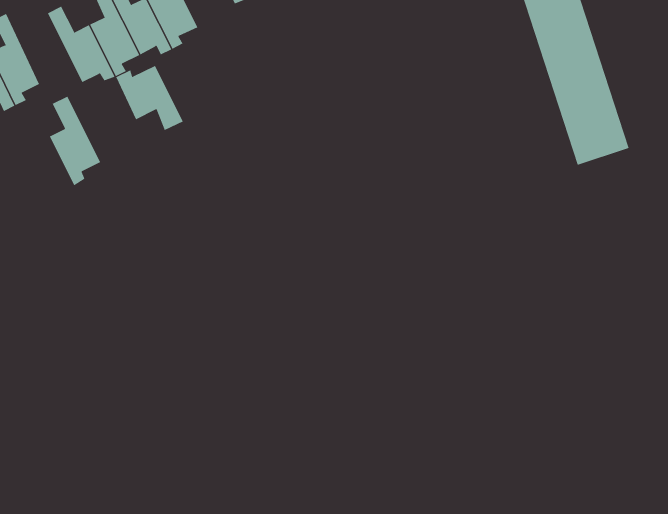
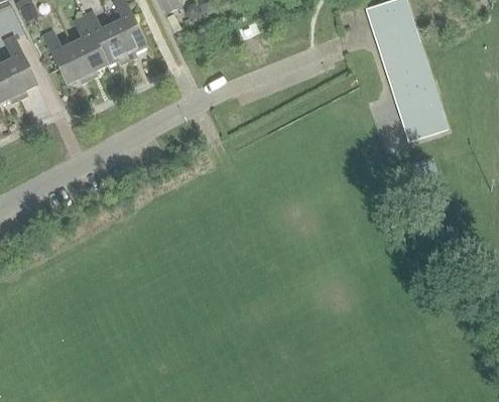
building: [115,65,183,131] -> none
building: [49,96,101,186] -> none

